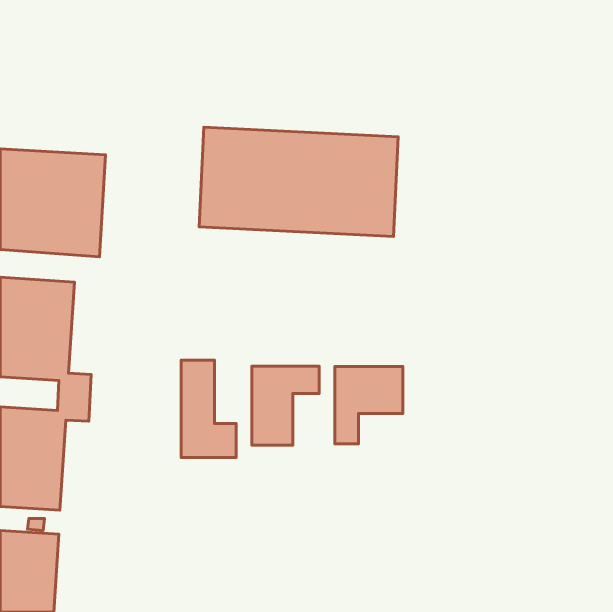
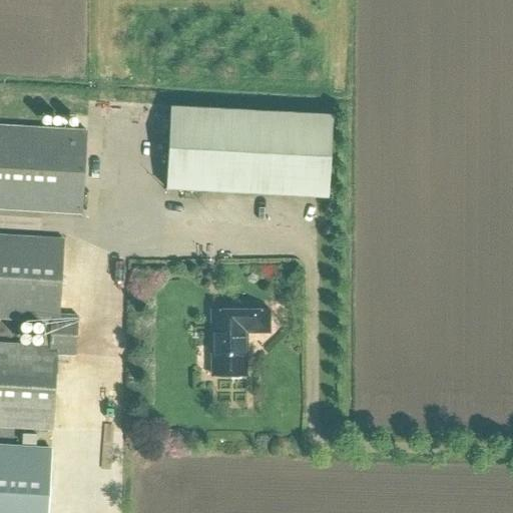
building: [181,360,236,457] -> none
building: [335,367,403,444] -> none

